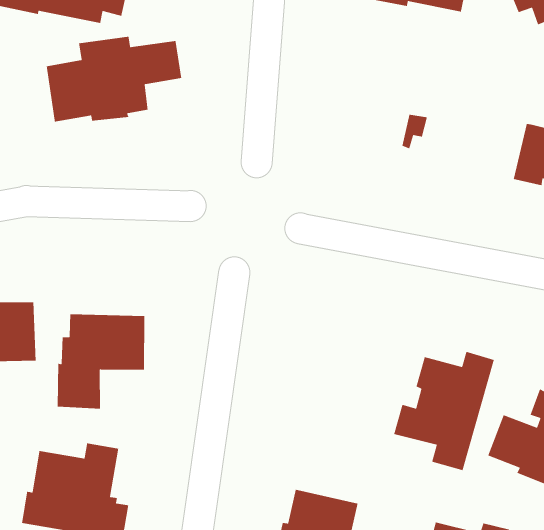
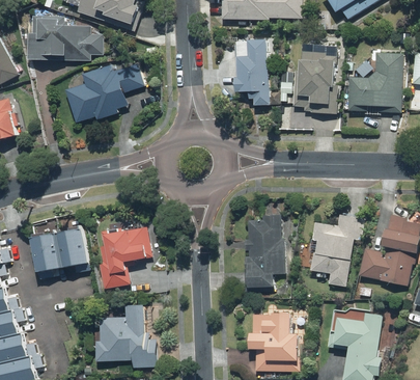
building: none -> [234,42,269,105]
building: none -> [292,42,337,114]
building: none -> [243,213,284,291]

